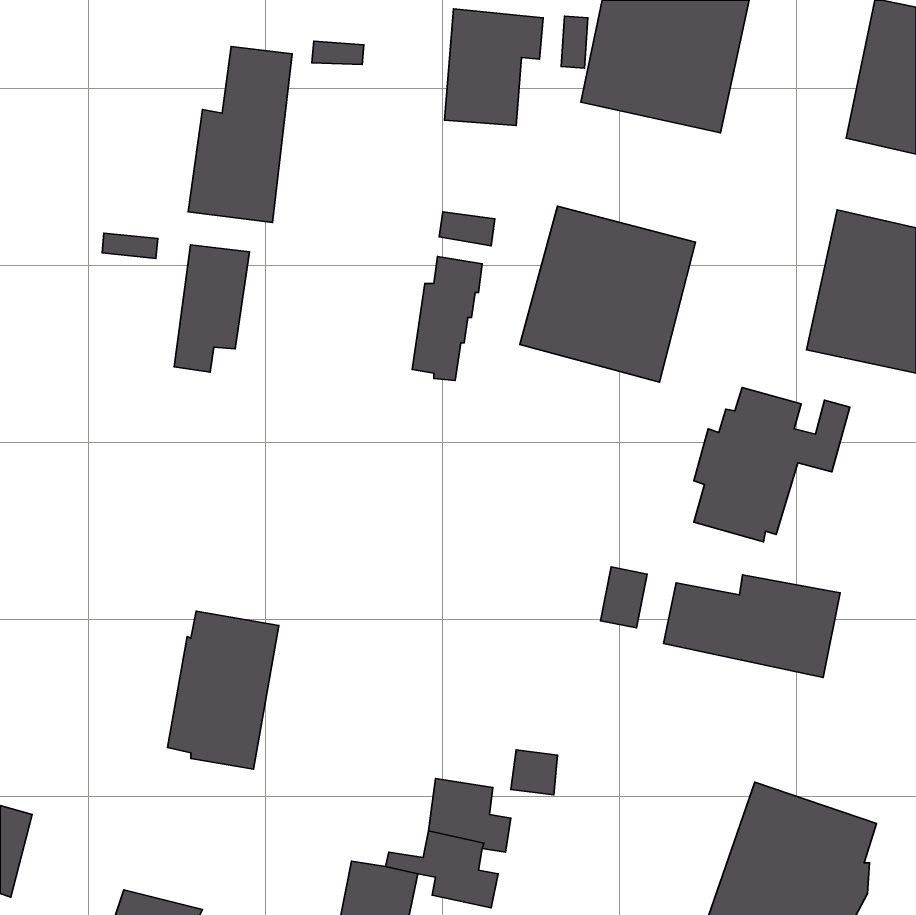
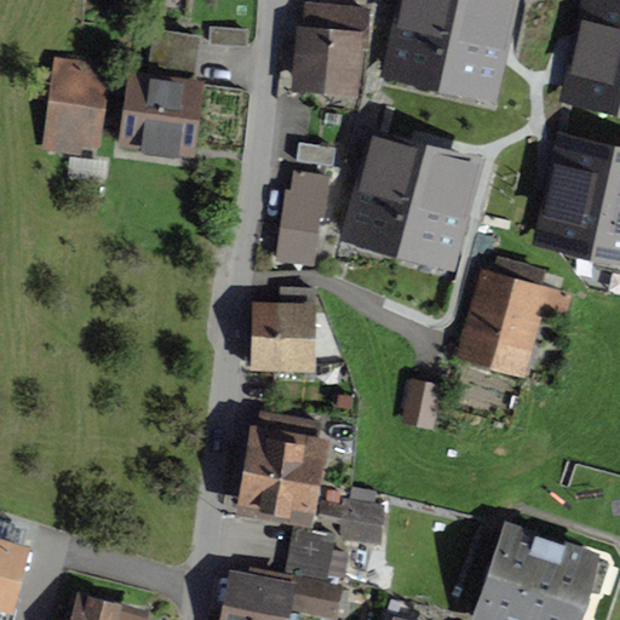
building: [174,245,250,372] -> [48,64,99,150]
building: none -> [246,288,312,369]
building: [663,575,840,677] -> none
building: [168,611,279,769] -> [245,414,320,521]

